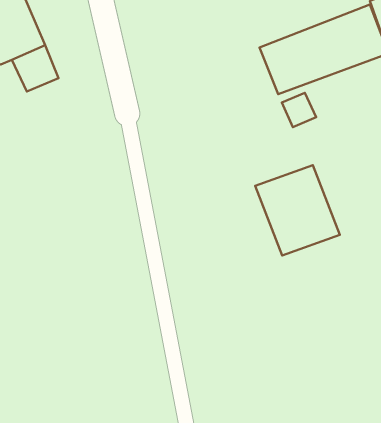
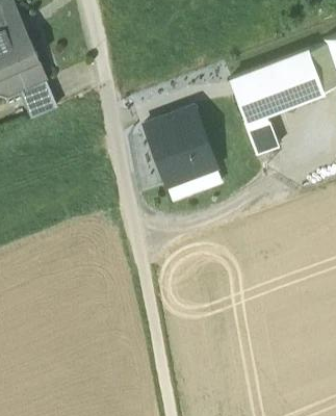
building: [255,165,340,256] -> [144,108,215,185]

